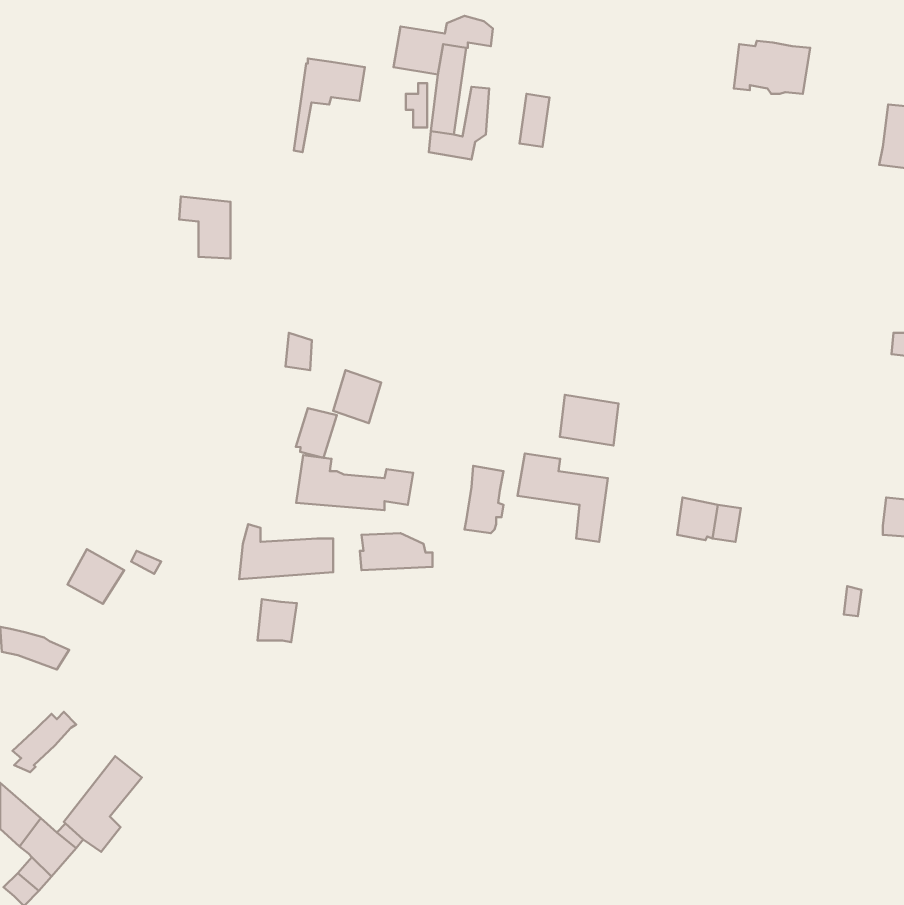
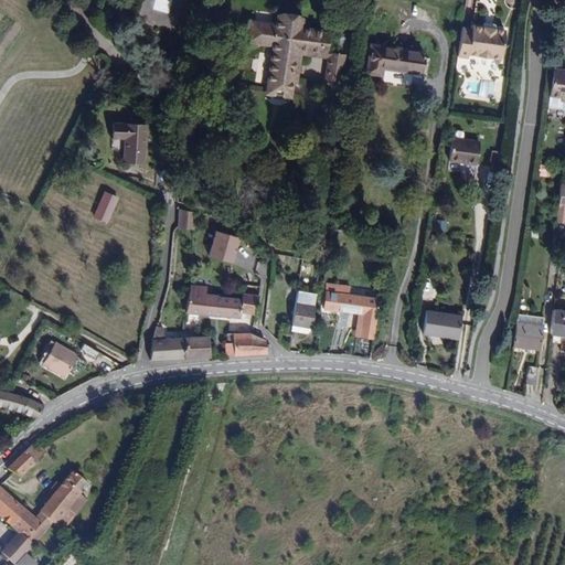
building: [294,58,365,152] -> [284,26,328,85]
building: none -> [366,43,424,75]
building: none -> [449,138,475,163]
building: none -> [96,190,121,222]
building: [560,395,618,446] -> none
building: [296,408,337,458] -> none
building: none -> [513,315,544,353]
building: [258,599,297,642] -> none

